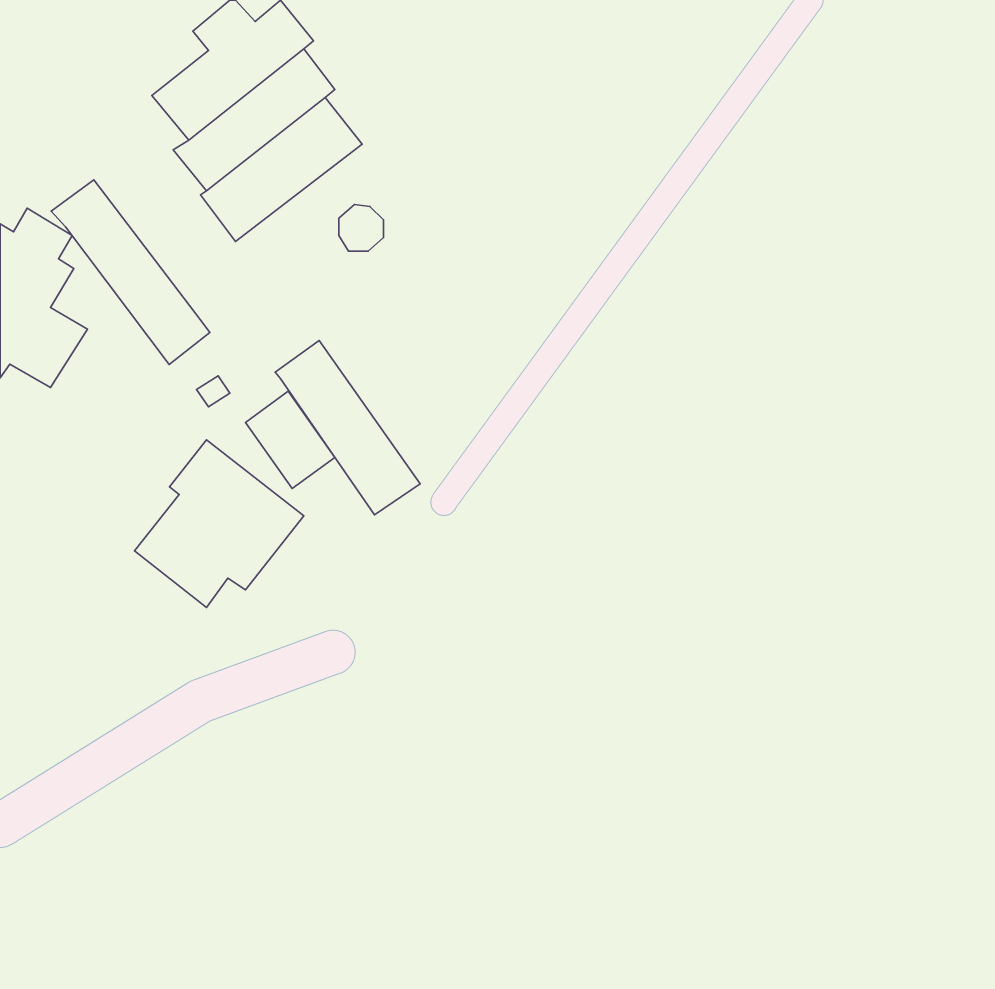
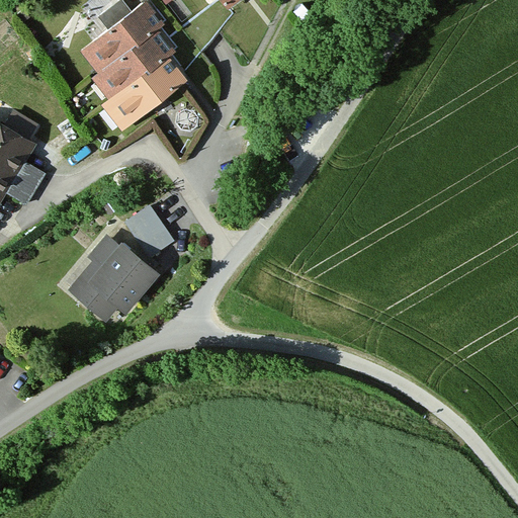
building: [51,180,210,365] -> none
building: [275,340,420,515] -> none

